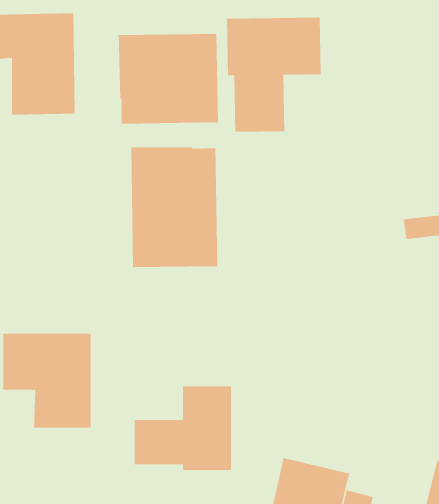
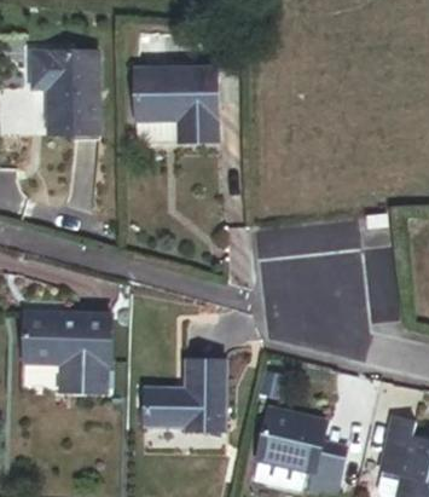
building: [227,17,321,133] -> none
building: [131,146,218,268] -> none

